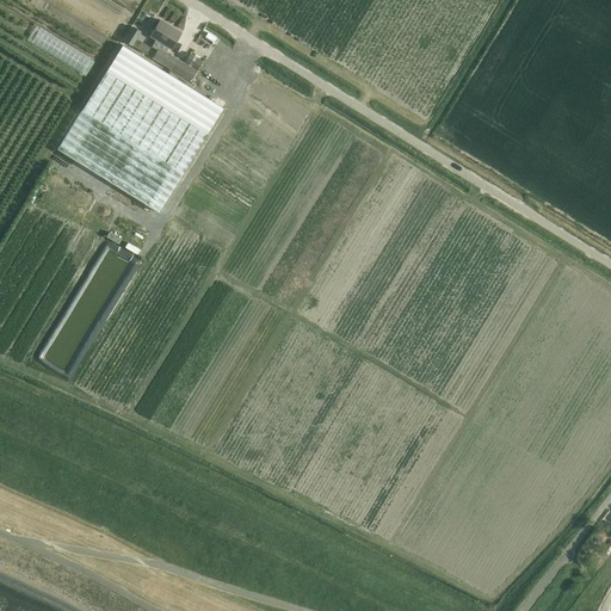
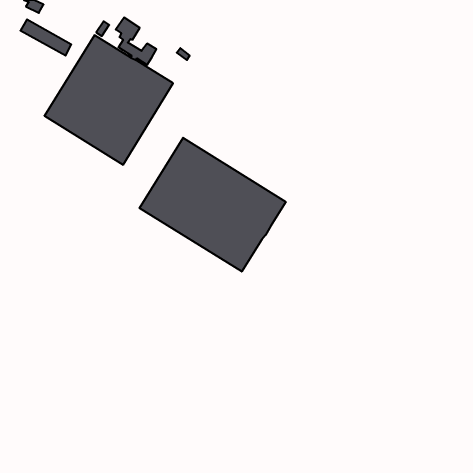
building: none -> [140,138,286,272]

